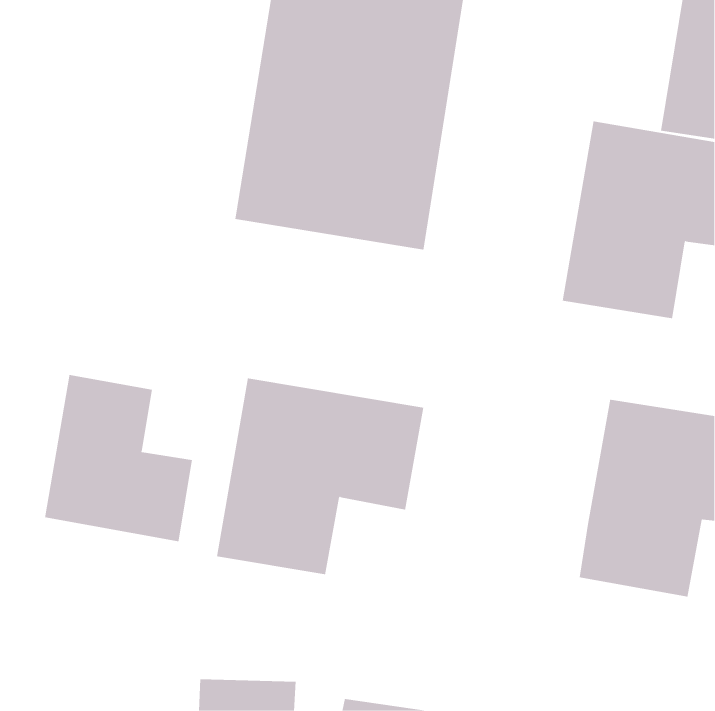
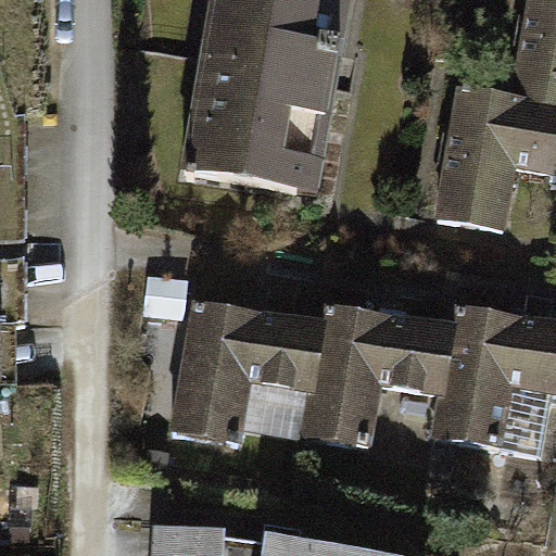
building: [44,374,193,542] -> none
building: none -> [306,303,468,456]

